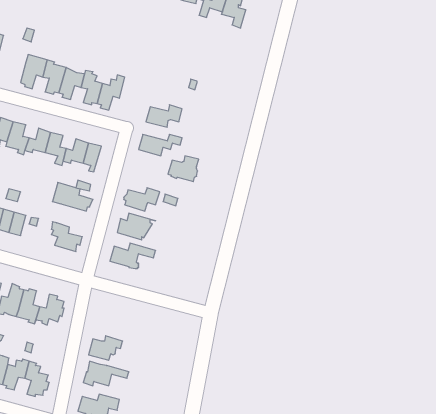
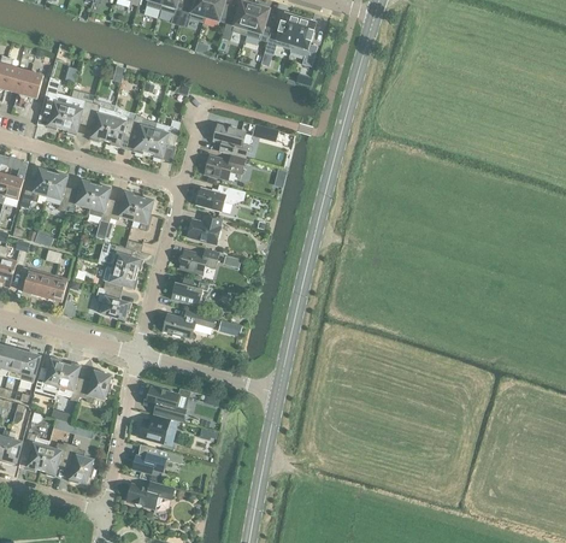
building: none -> [43,95,67,129]
building: none -> [212,124,247,157]
building: [168,156,199,182] -> [187,214,222,243]
building: none -> [102,265,137,291]
building: none -> [146,386,185,421]

